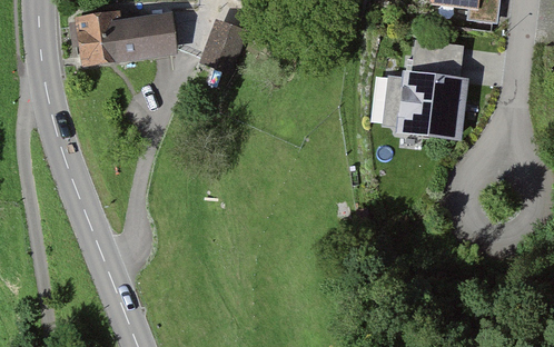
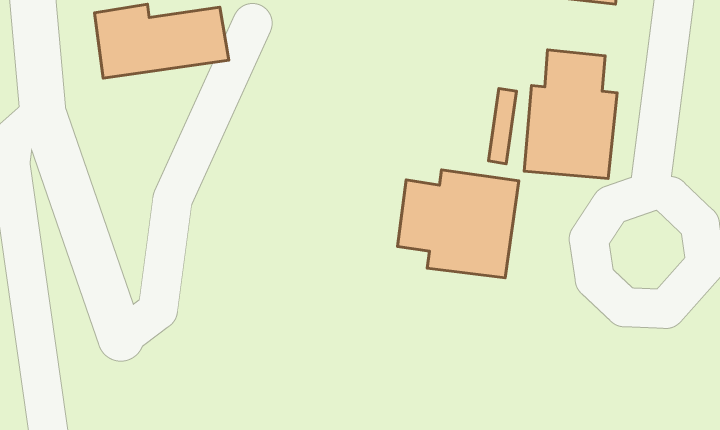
building: [196,21,238,70] -> none
building: none -> [397,170,519,278]

